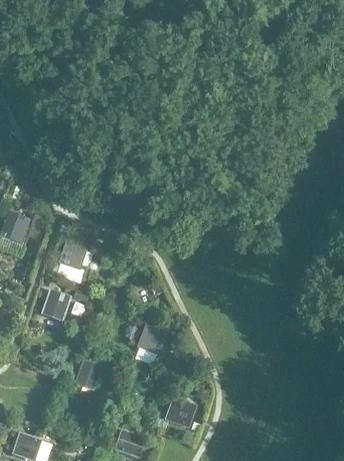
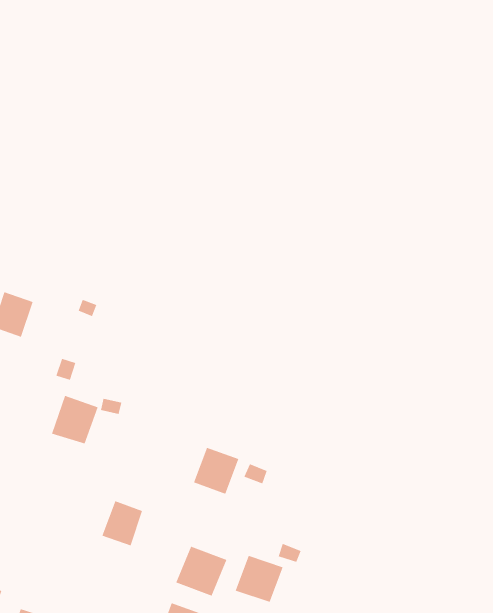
building: [58,239,88,270] -> none
building: none -> [175,546,227,596]

